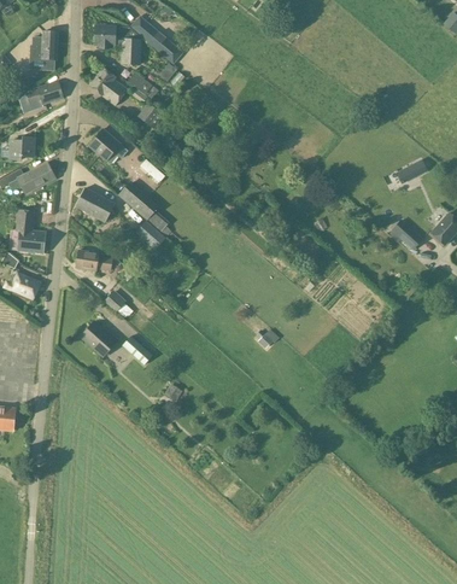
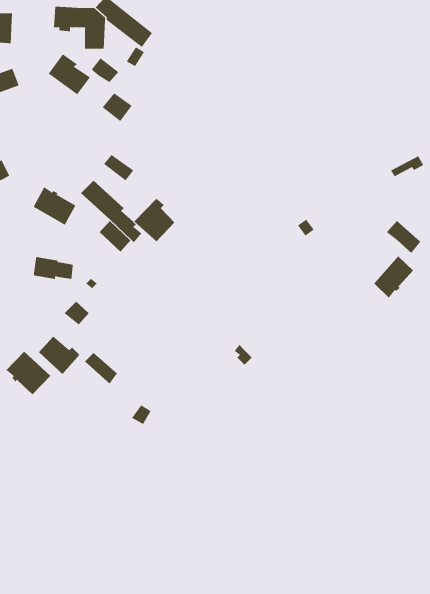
building: [89,129,128,160] -> none
building: none -> [134,198,175,242]
building: none -> [373,256,414,298]
building: none -> [5,351,51,395]

